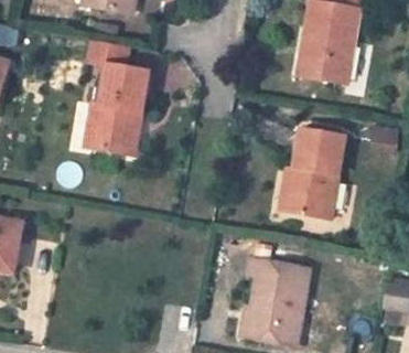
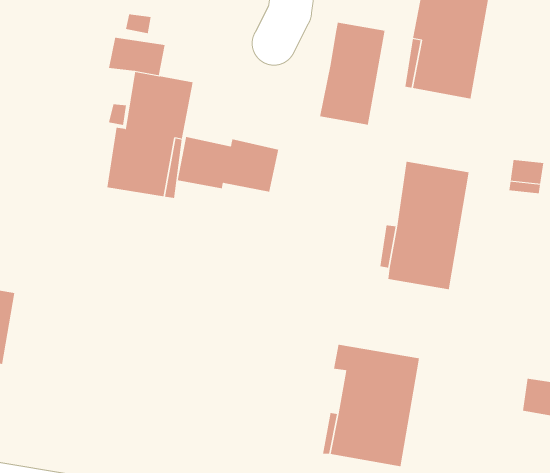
building: none -> [320,22,385,125]
building: none -> [177,136,279,192]

